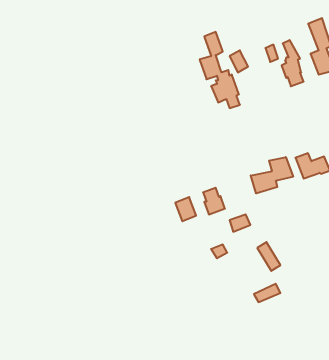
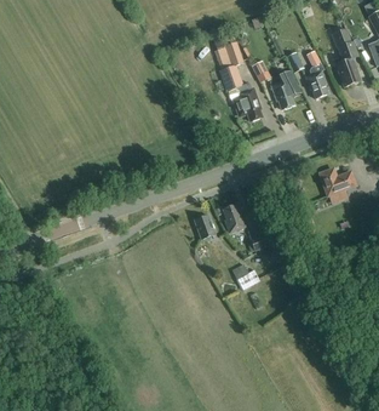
building: none -> [271,70,300,110]
building: [251,157,293,193] -> none

